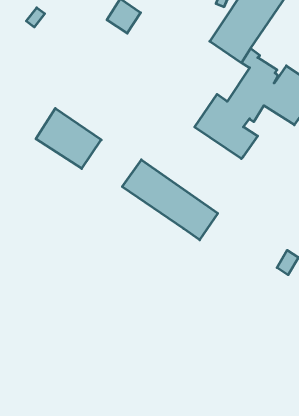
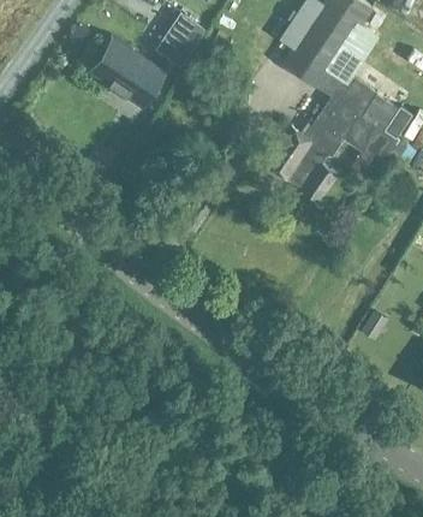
building: [36,108,101,169] -> [88,35,165,106]
building: [122,160,218,240] -> none

